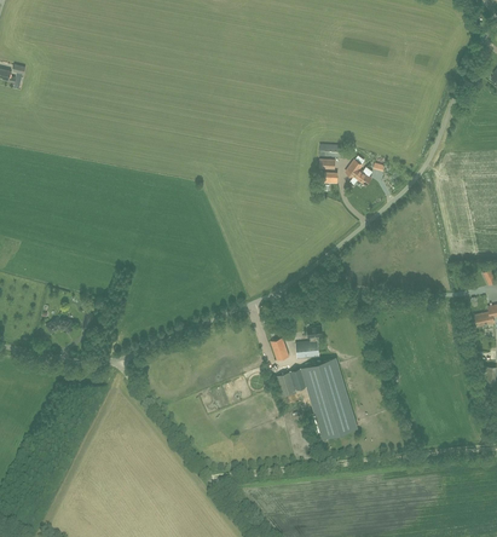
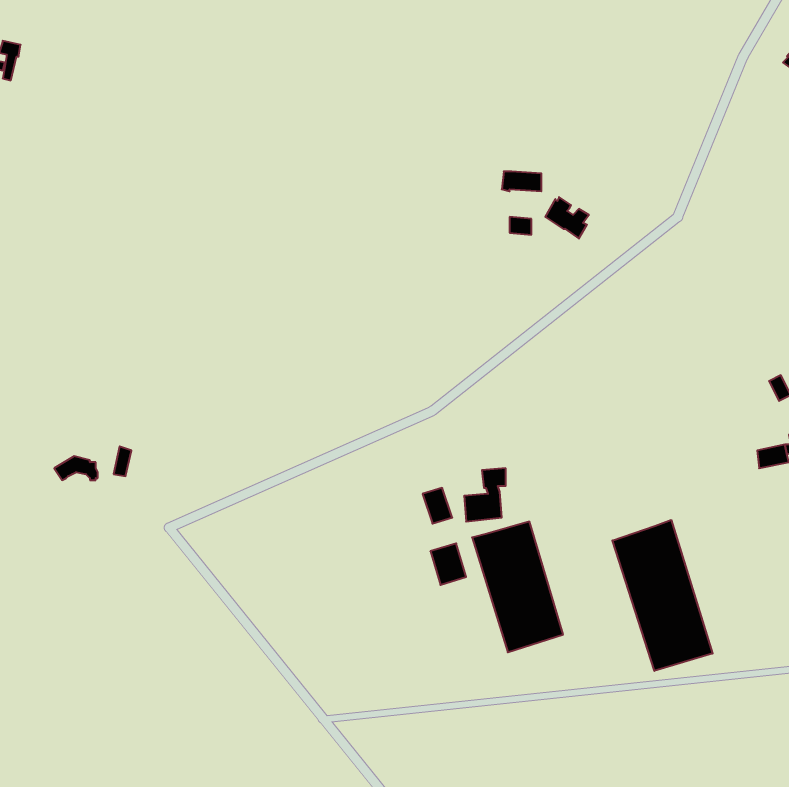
building: none -> [612,520,713,671]

